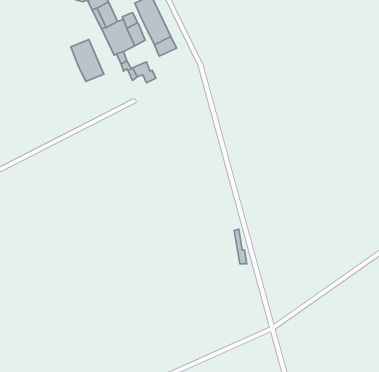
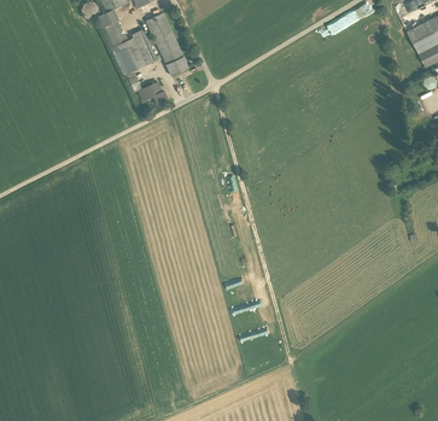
building: [71,39,104,82] -> none

